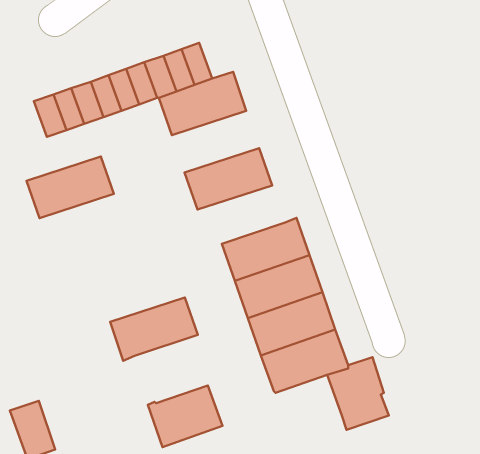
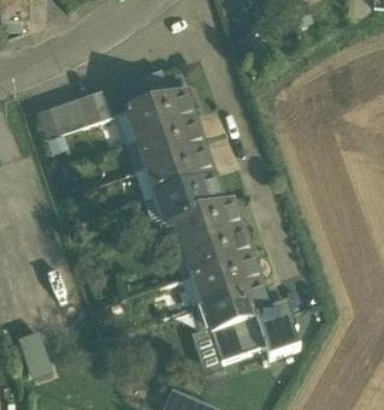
building: [26,157,114,218] -> [135,119,200,165]
building: [110,298,198,361] -> [154,174,219,221]
building: [148,385,222,447] -> [206,315,261,361]

